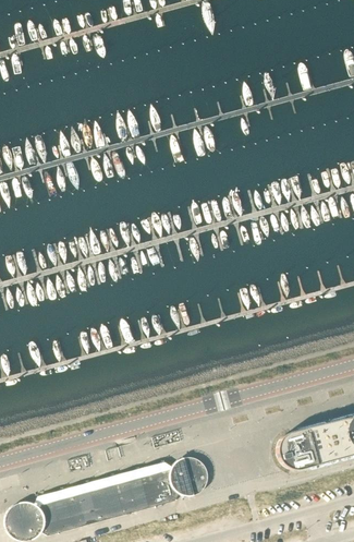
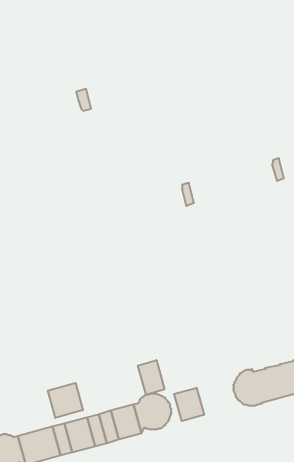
building: none -> [138,360,164,395]
building: none -> [48,383,83,418]
building: none -> [174,388,204,421]

